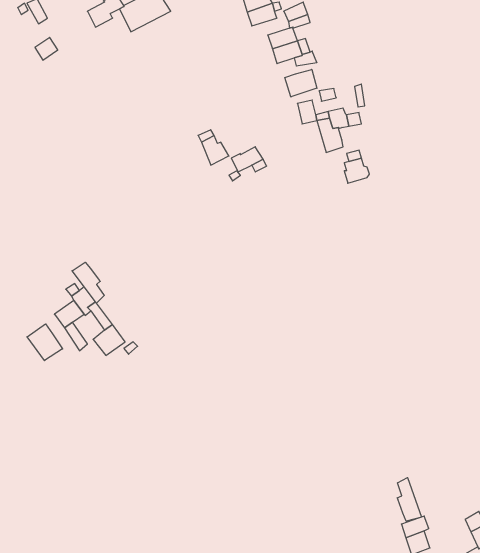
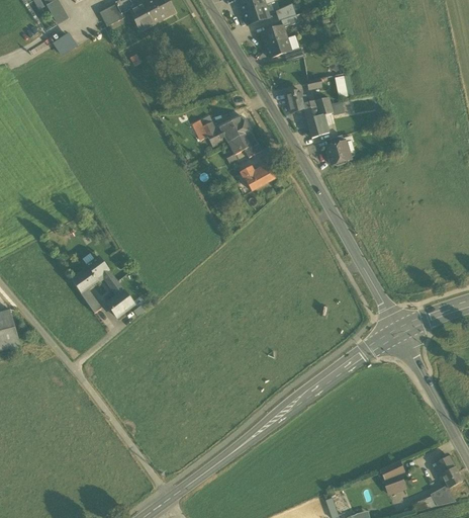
building: [285,69,317,97] -> none
building: none -> [218,115,249,141]
building: none -> [240,163,273,189]
building: [72,262,104,303] -> none
building: [27,324,63,361] -> none
building: [397,478,421,521] -> none

